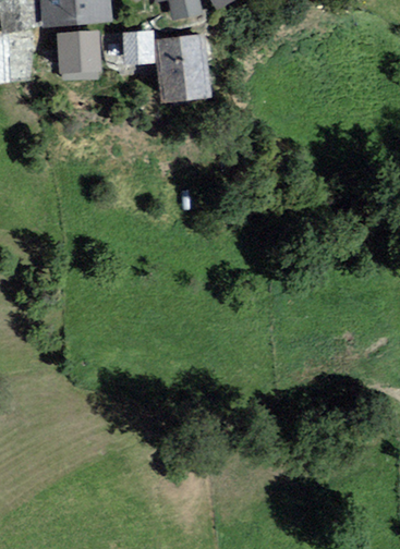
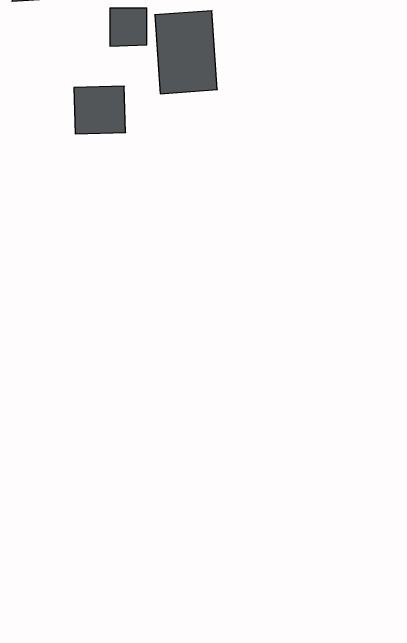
building: [59,34,100,72] -> [74,86,126,134]

